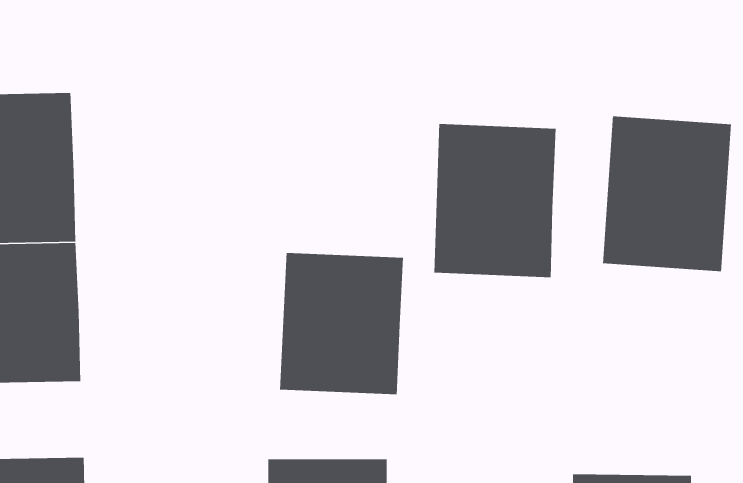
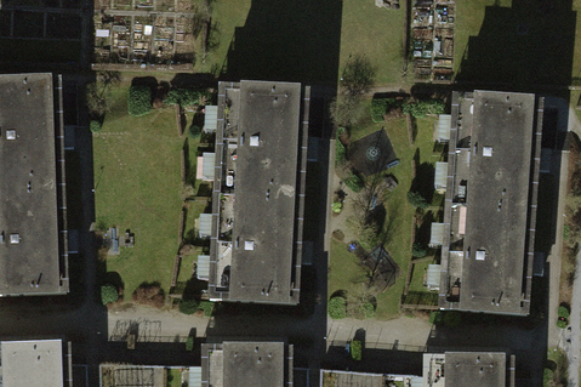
building: [433,123,557,278] -> [215,85,304,198]
building: none -> [439,203,532,311]

